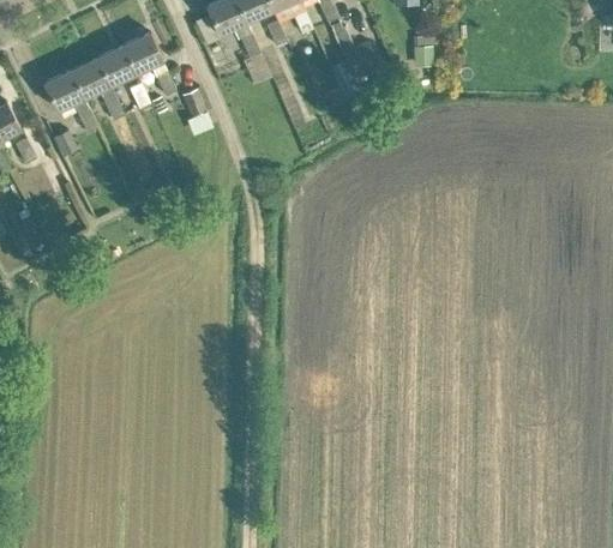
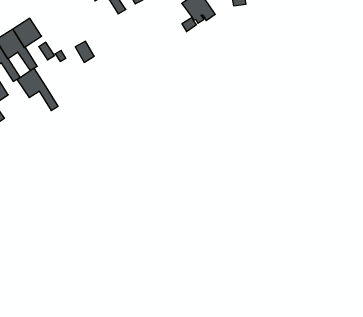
building: [122,32,175,96] -> [17,68,58,111]

